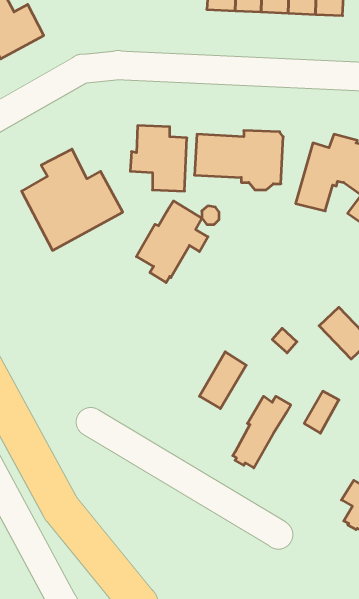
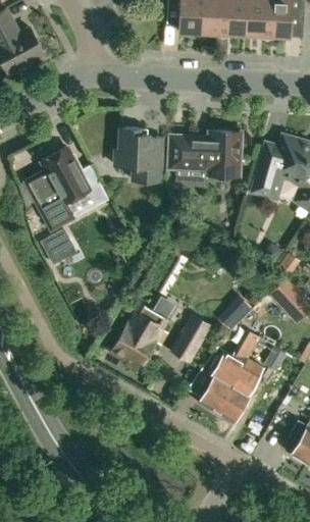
building: [136,201,208,283] -> [111,304,170,371]
building: none -> [39,226,75,263]
building: none -> [216,373,251,420]

